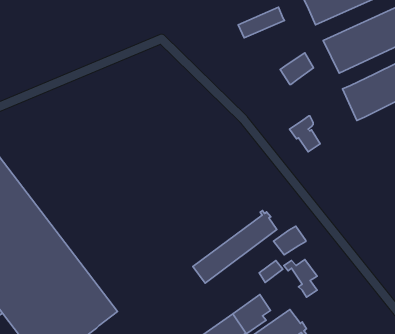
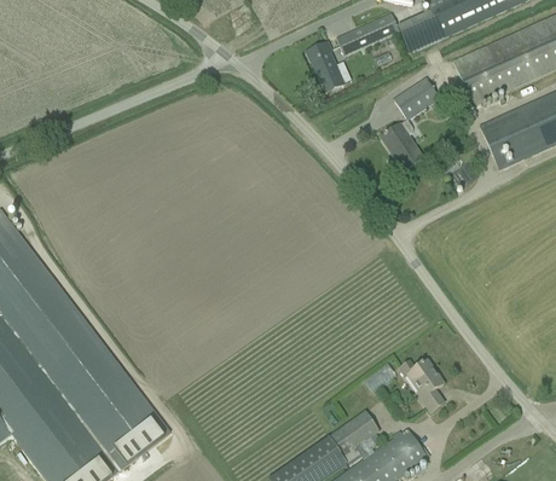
building: none -> [398,12,442,53]
building: none -> [306,44,343,93]
building: [290,116,320,152] -> [381,120,423,169]
building: [193,211,277,283] -> none
building: [274,226,306,255] -> none

